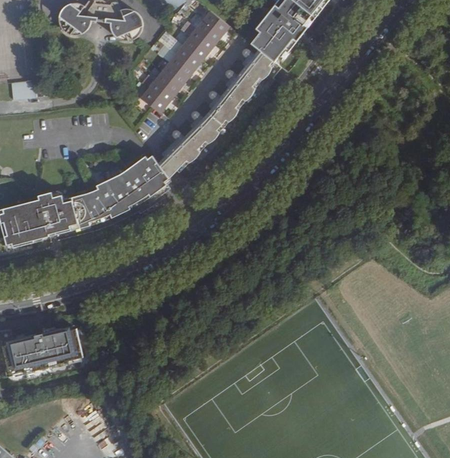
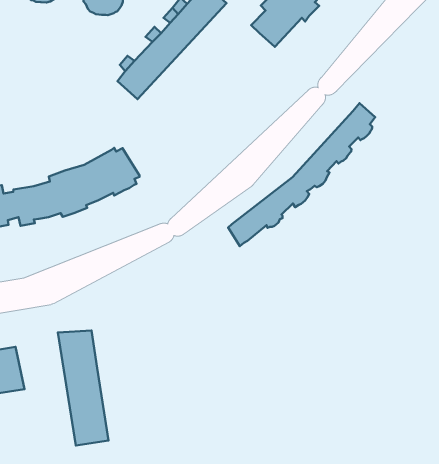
building: [157,50,274,177] -> [228,103,375,246]
building: none -> [58,330,109,446]

